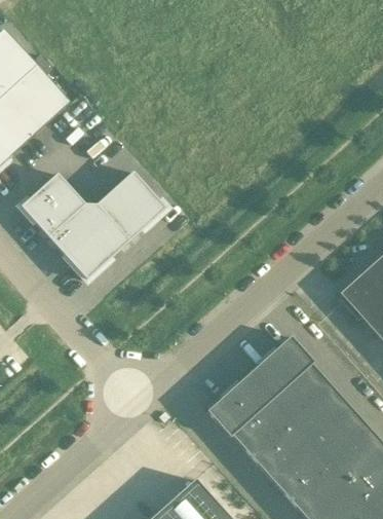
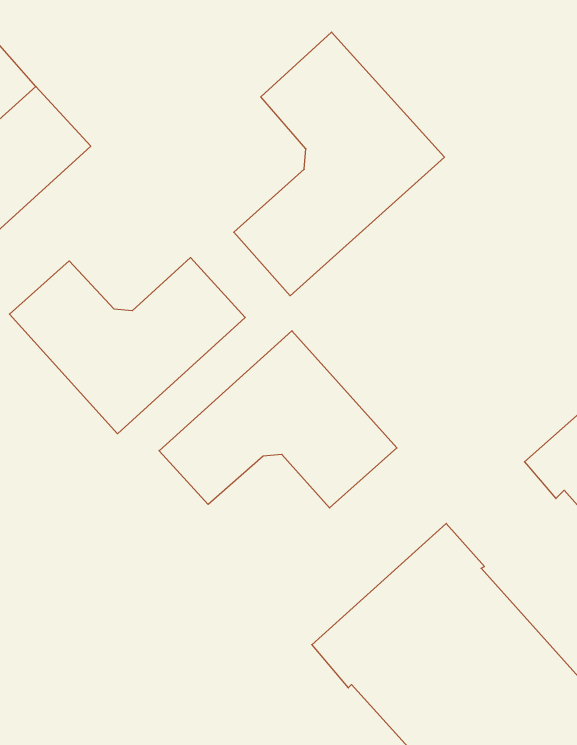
building: none -> [234,32,444,296]
building: none -> [159,331,397,508]

